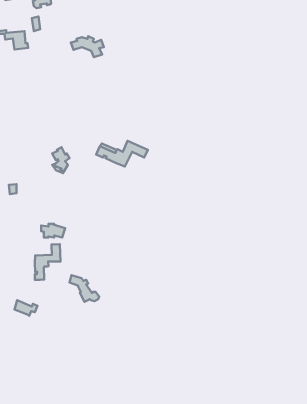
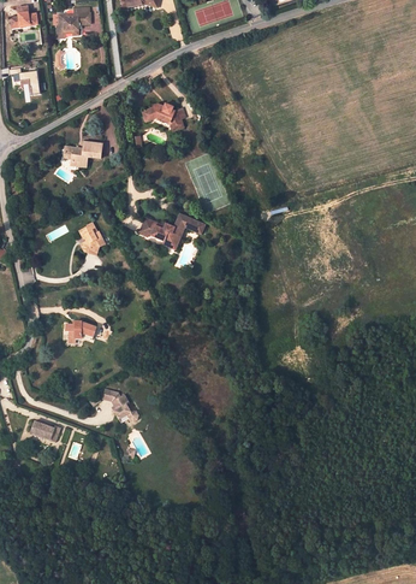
building: [71,36,104,57] -> [142,102,185,130]
building: none -> [64,141,101,166]
building: [35,244,60,280] -> none

